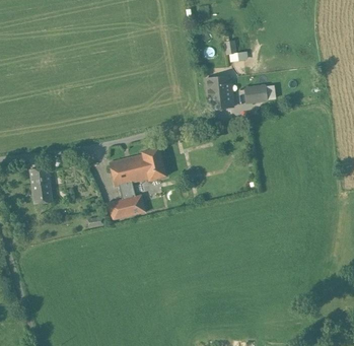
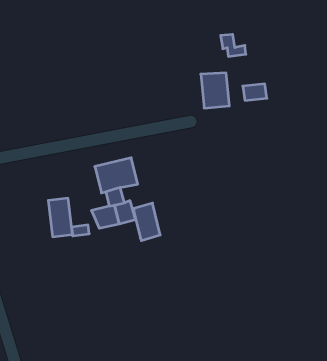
building: [141,148,165,183] -> [134,203,160,241]
building: [28,169,51,205] -> [48,198,73,237]

